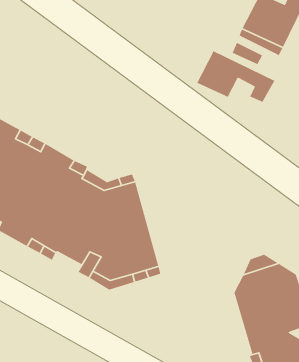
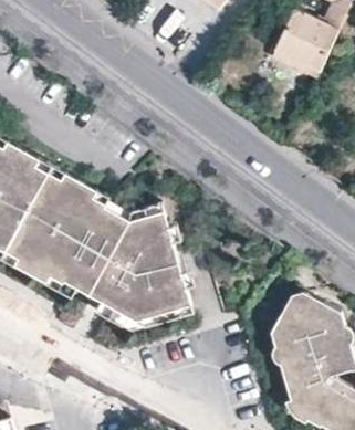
building: [196,50,276,103] -> none

